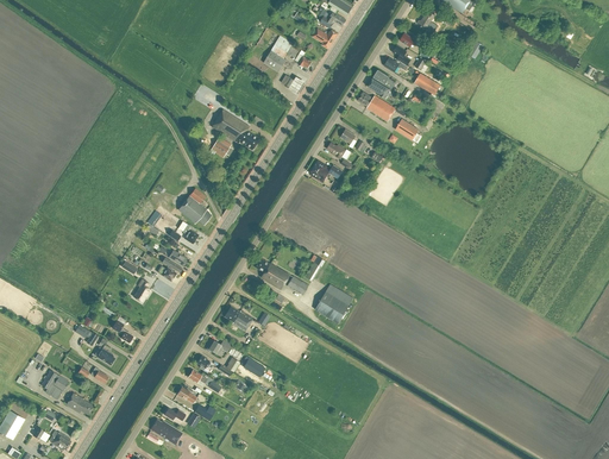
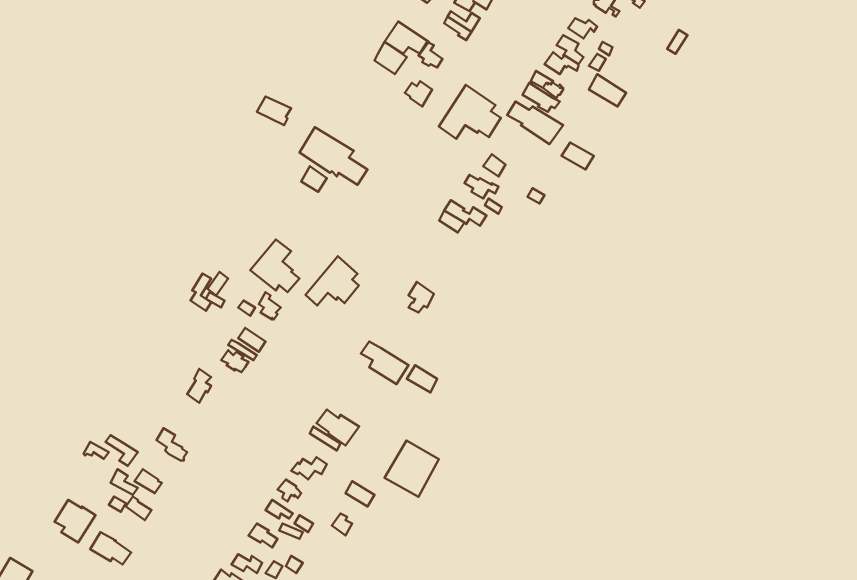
building: none -> [439,85,501,139]
building: none -> [306,256,359,306]
building: [315,283,353,322] -> [384,441,439,497]

